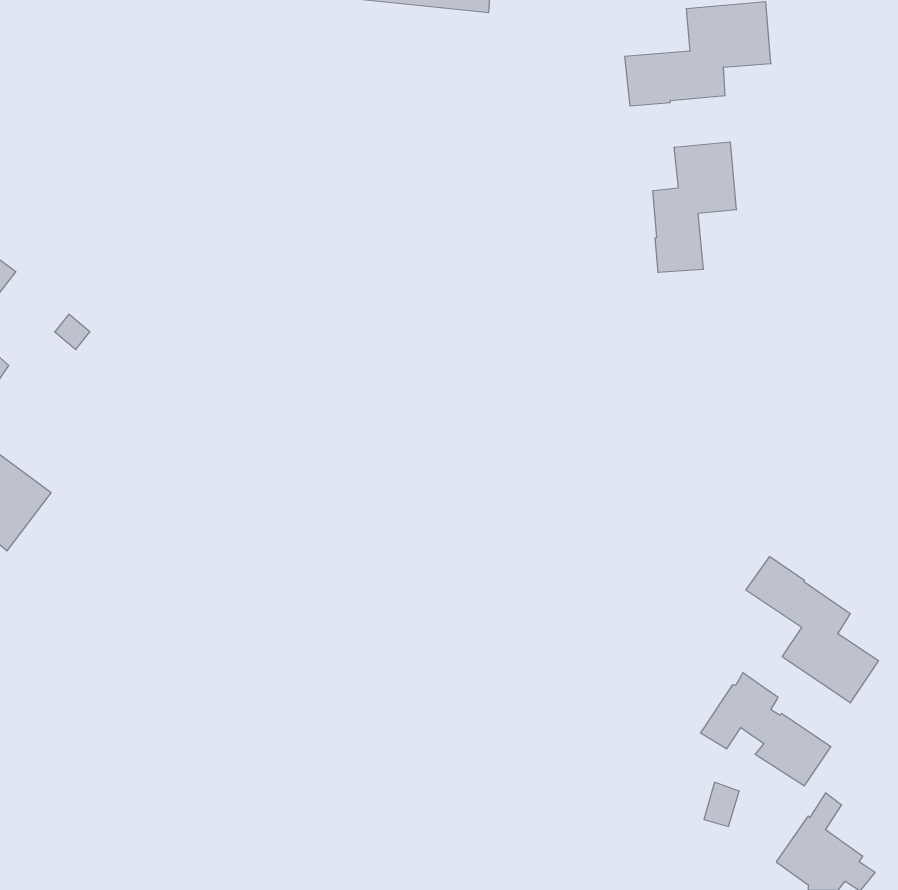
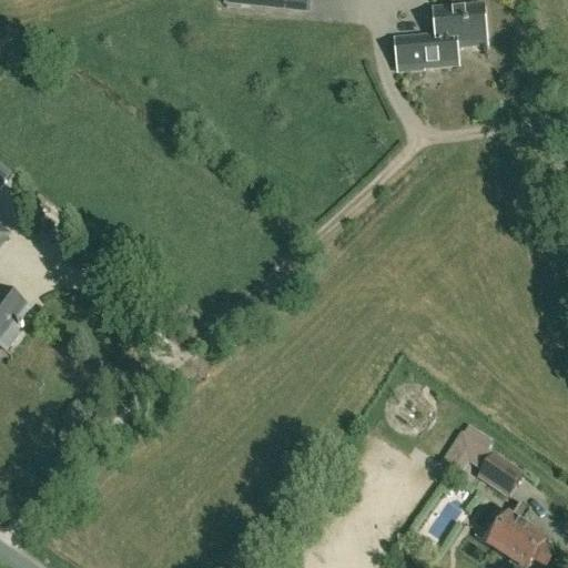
building: [653,142,736,273] -> none
building: [746,557,879,703] -> none

